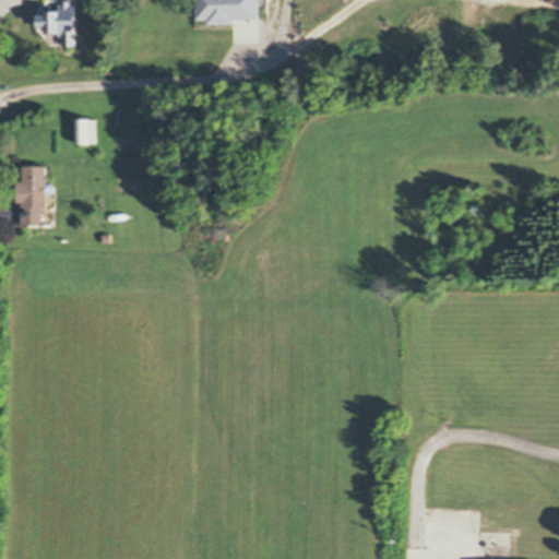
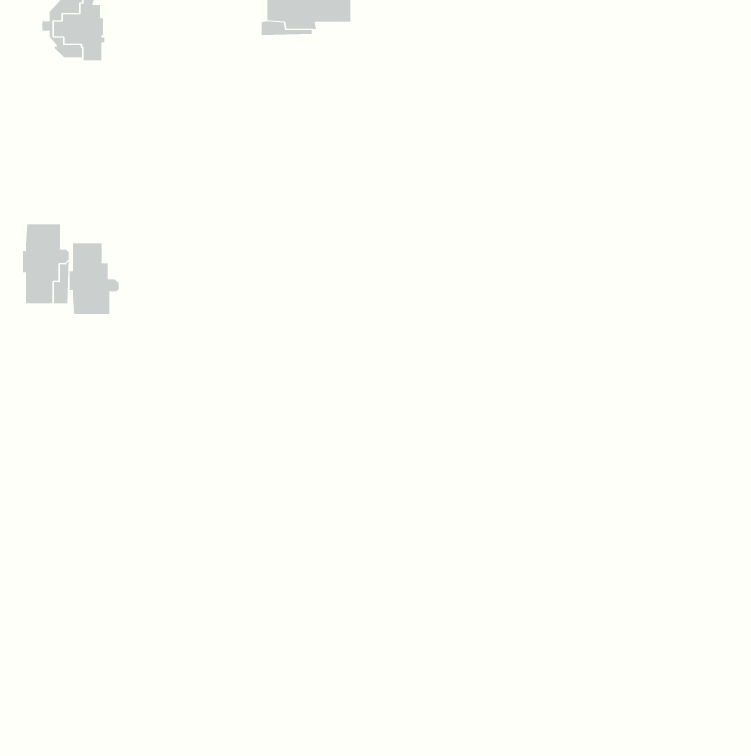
building: [72,119,93,142] -> none
building: none -> [69,243,119,315]

